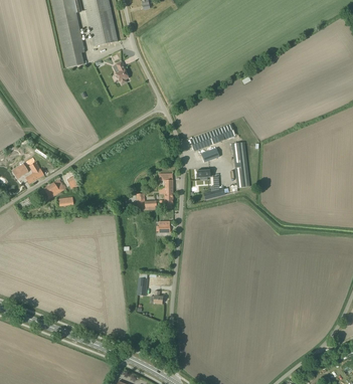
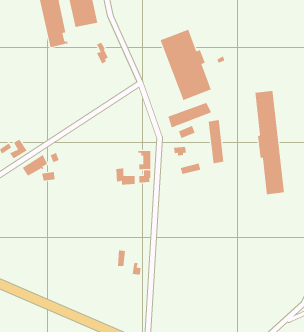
building: none -> [160,29,212,101]
building: none -> [255,90,284,195]

